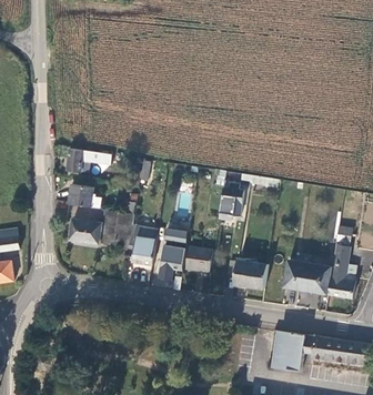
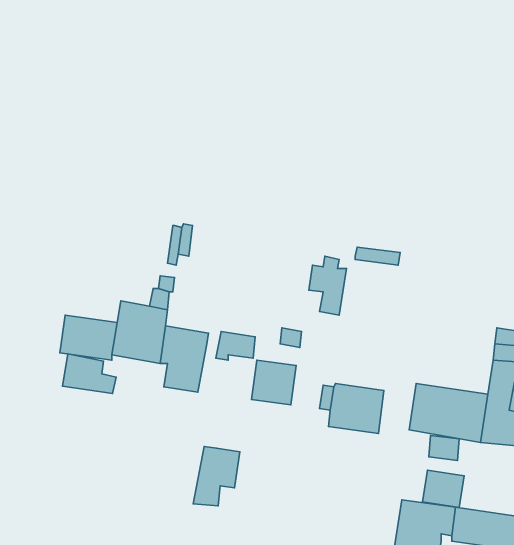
building: [67,149,95,173] -> none
building: [69,184,102,209] -> [62,354,116,393]
building: [157,244,185,281] -> [193,447,240,506]
building: none -> [422,470,464,508]

